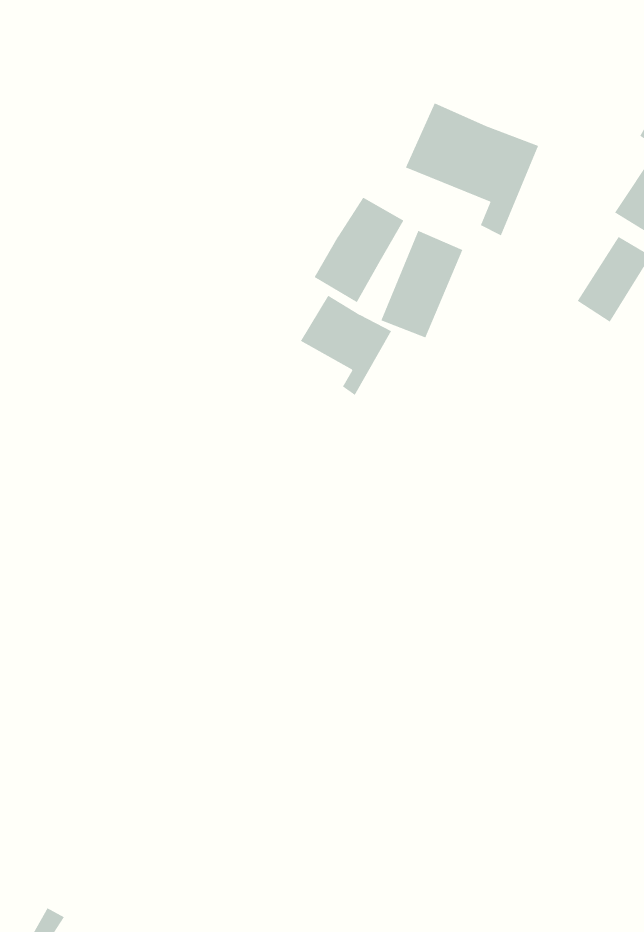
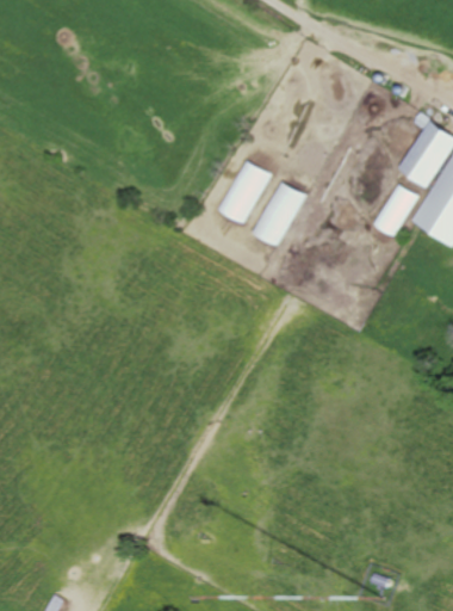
building: [405,102,539,236] -> none
building: [300,295,392,396] -> none

